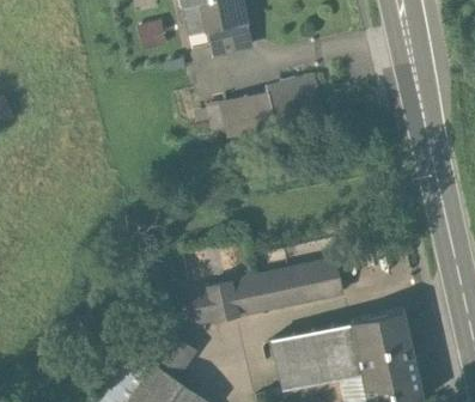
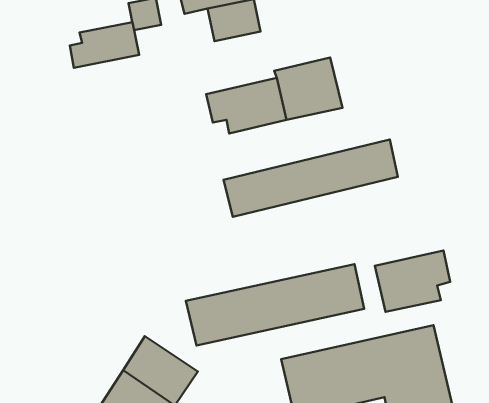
building: none -> [70,22,139,68]
building: none -> [223,139,398,217]
building: none -> [375,251,450,312]

